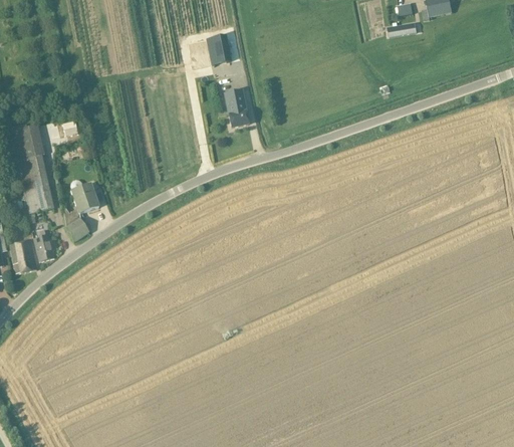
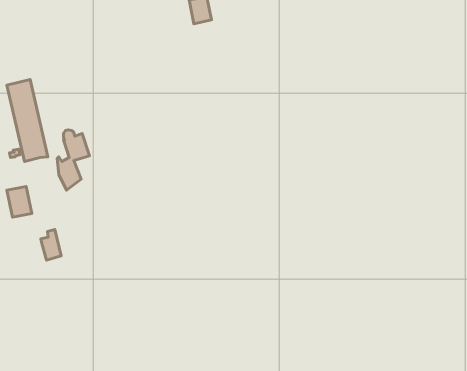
building: [226,89,250,127] -> none
building: [34,229,56,262] -> [41,230,61,260]

